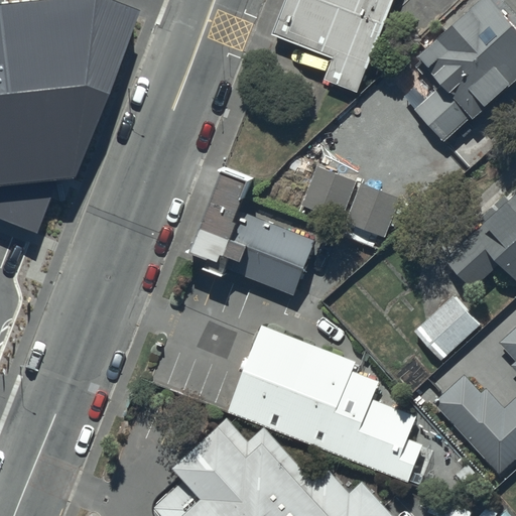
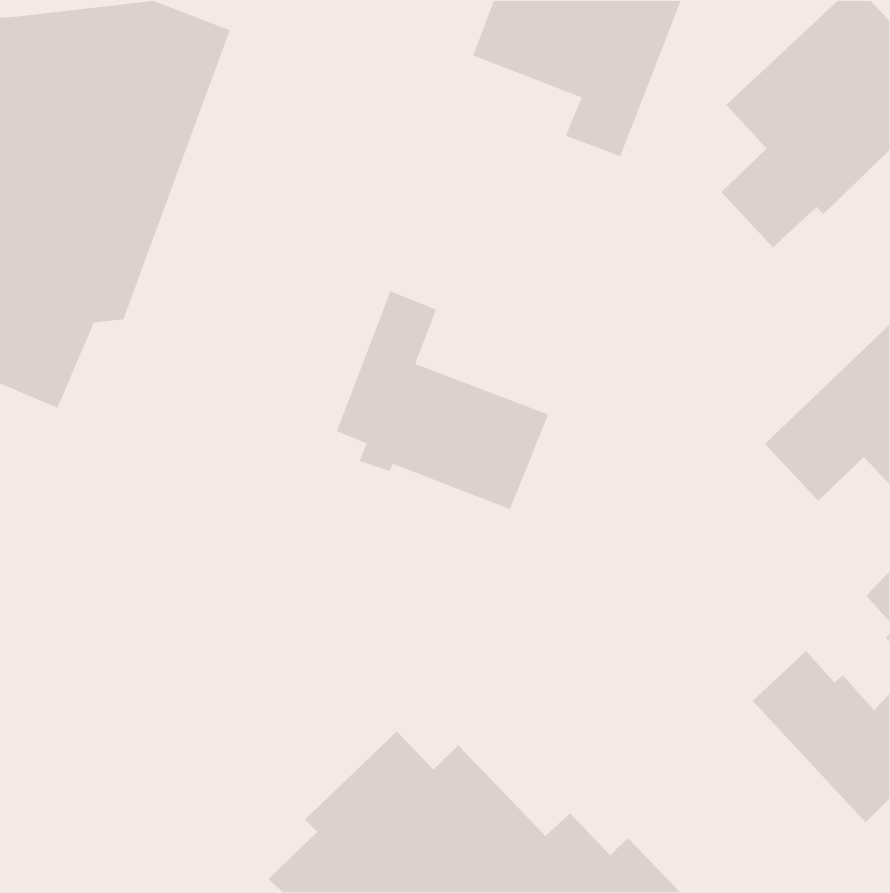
building: [301,167,399,240] -> none
building: [414,296,479,361] -> none
building: [228,324,423,481] -> none

